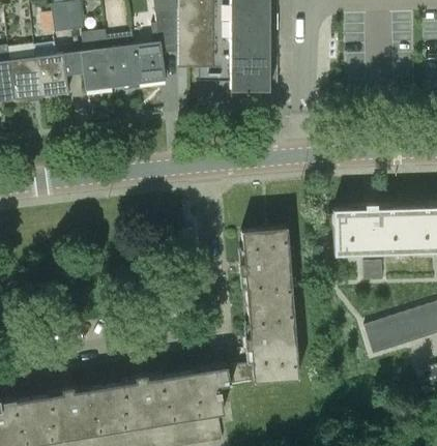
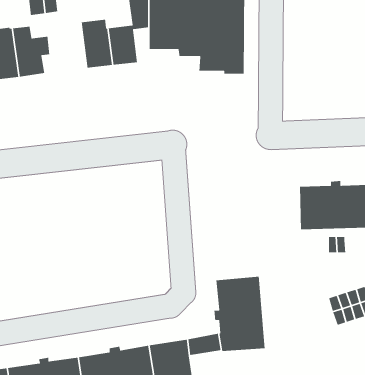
building: [72,31,113,91] -> none
building: [239,228,292,307] -> none

